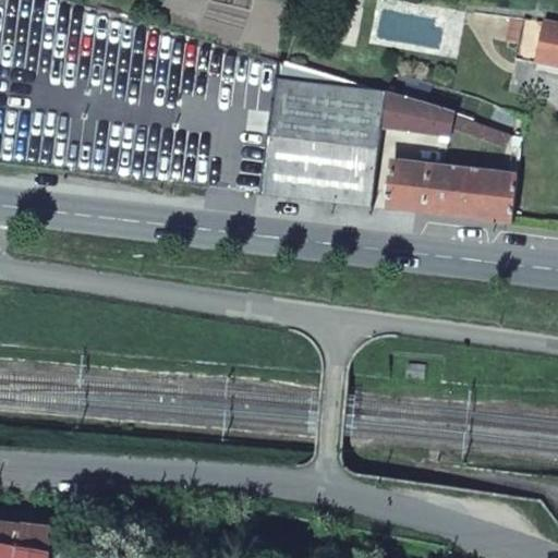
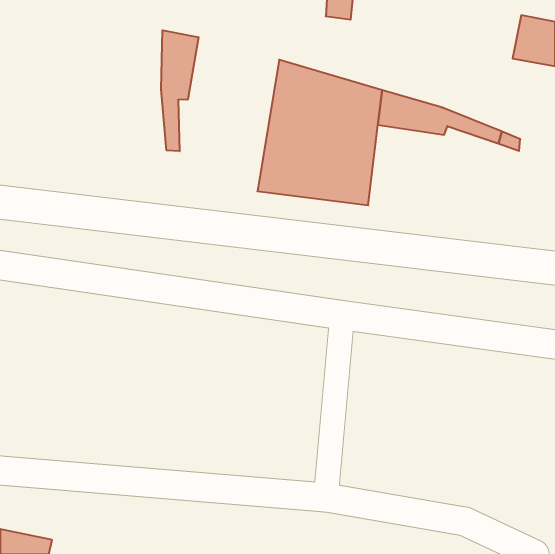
building: none -> [161,30,198,151]
building: [386,161,518,222] -> none

